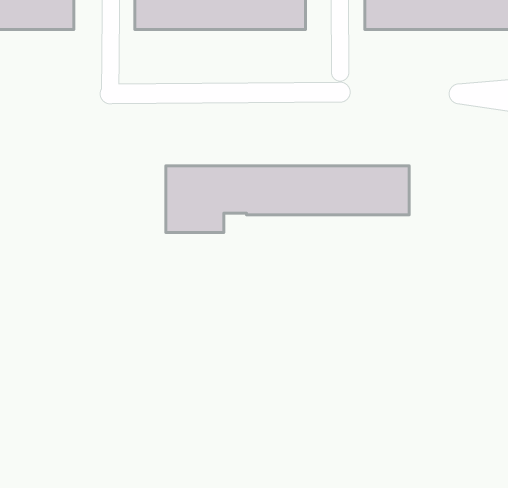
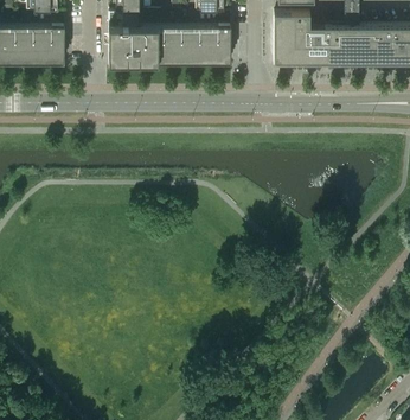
building: [166,166,409,233] -> none

